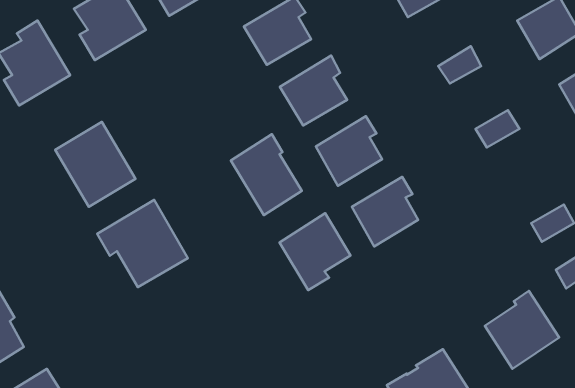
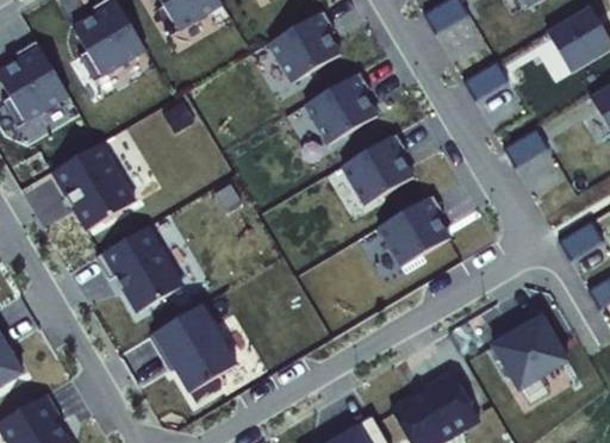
building: [231,134,302,215] -> none
building: [279,213,350,290] -> none
building: none -> [149,297,235,389]

